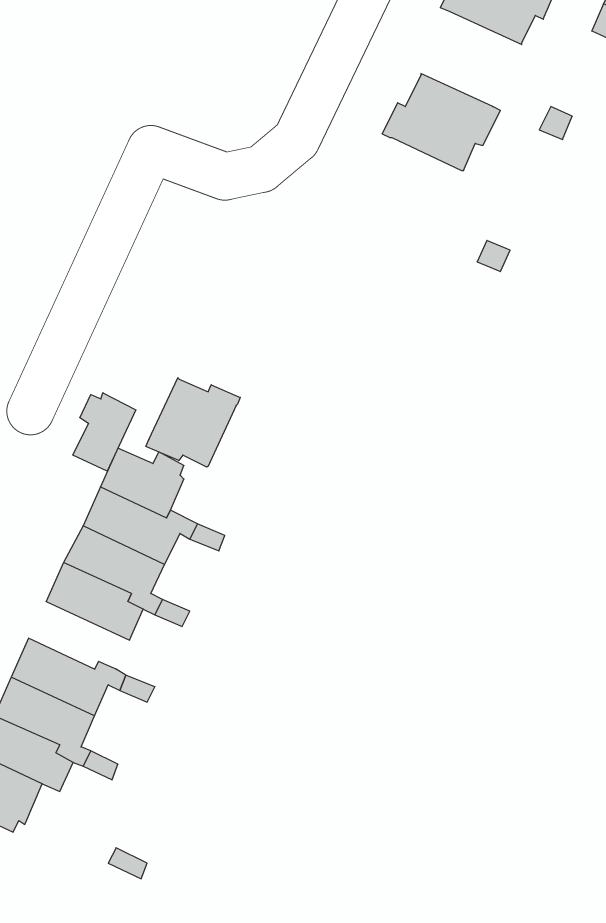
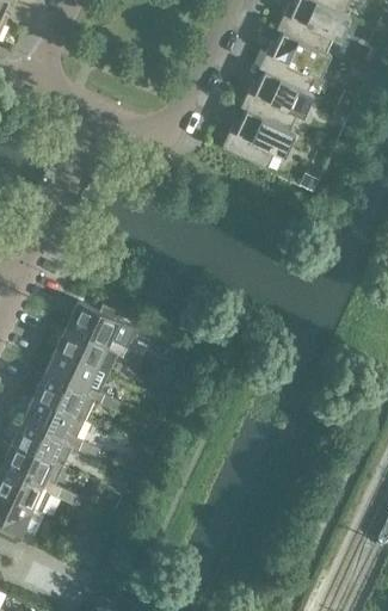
building: none -> [258,31,331,90]
building: none -> [222,109,295,167]
building: [146,378,240,467] -> none
building: [73,393,136,471] -> none
building: none -> [23,394,85,436]

